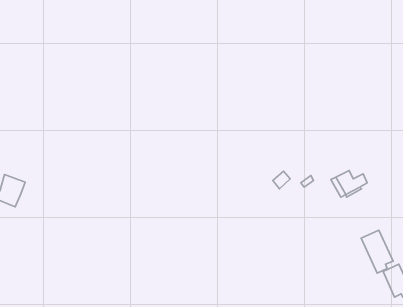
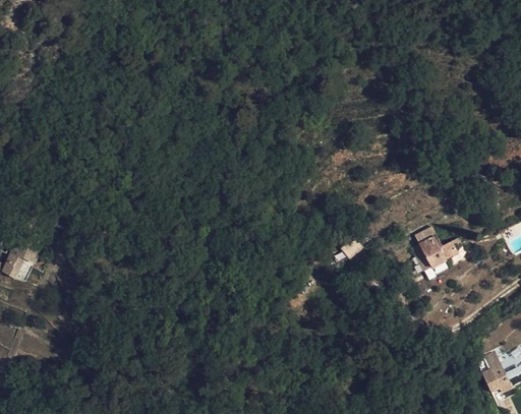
building: [361,230,393,273] -> none

